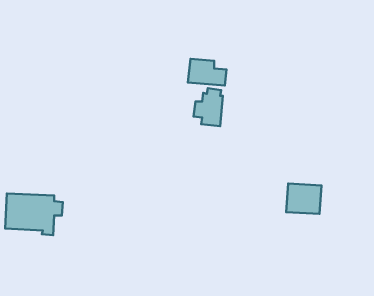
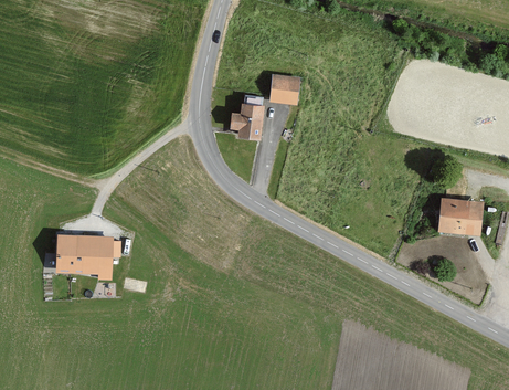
building: [194,88,223,126] -> [230,96,264,140]
building: [286,184,321,214] -> [439,200,480,235]

